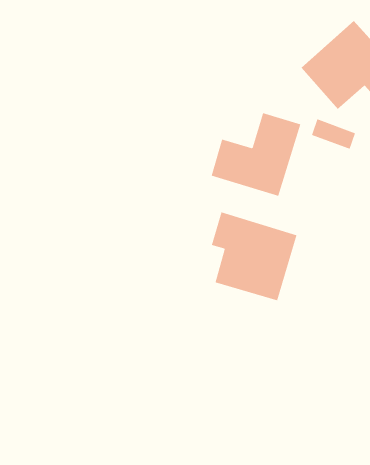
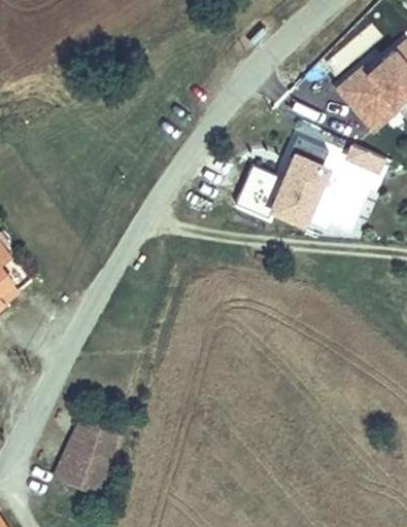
building: [211,211,297,301] -> none
building: none -> [56,420,116,497]

